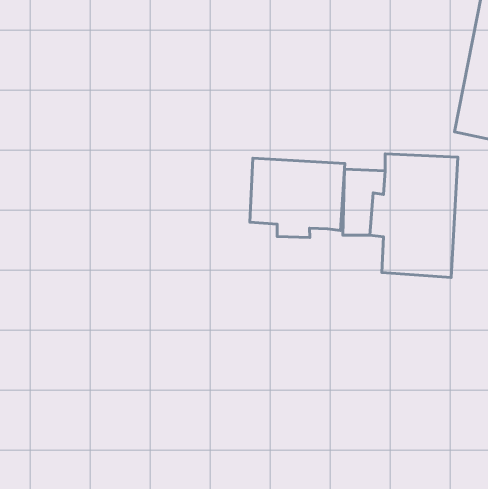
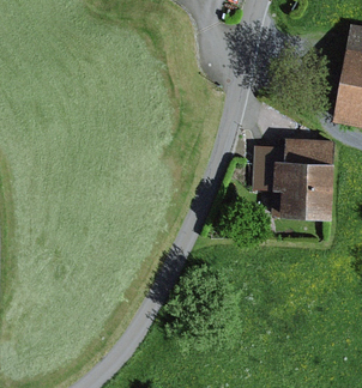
building: [250,158,345,238] -> none

